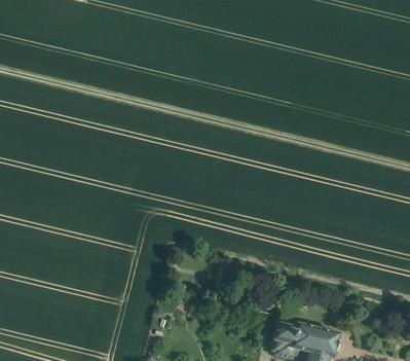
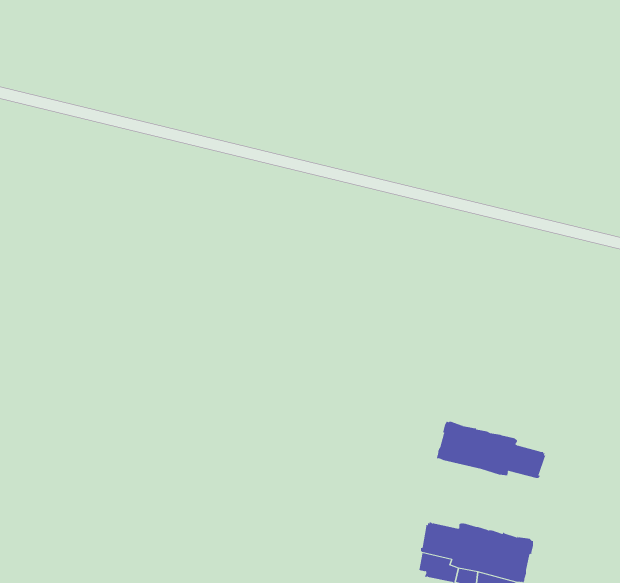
building: none -> [437,421,546,479]

